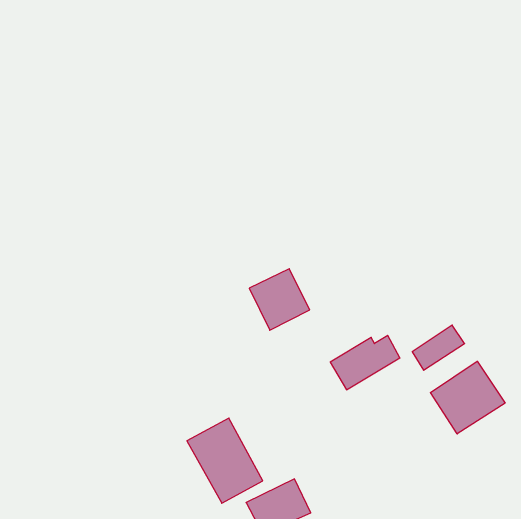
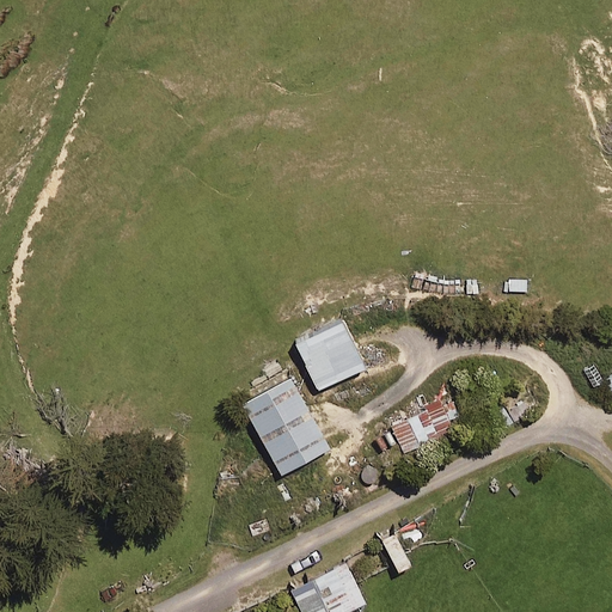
building: [430,361,505,434] -> none
building: [187,418,263,503] -> [240,375,329,475]

